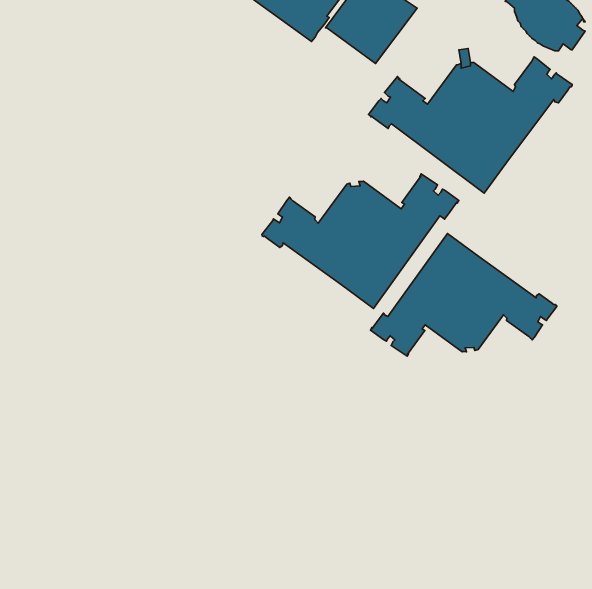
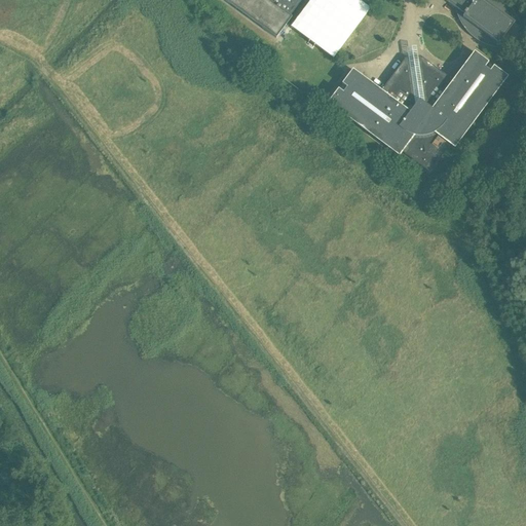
building: [262,174,459,308] -> none
building: [371,233,557,356] -> none

